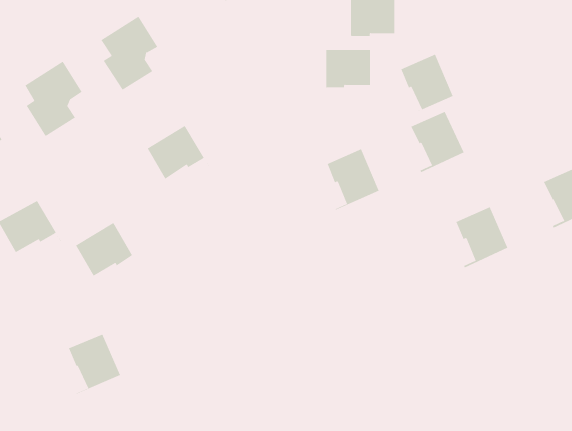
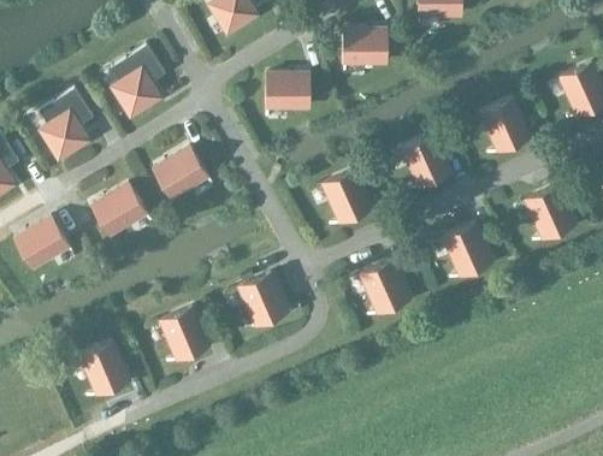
building: [326,49,371,98] -> [266,73,308,119]
building: [401,54,453,116] -> [479,99,528,156]
building: [75,222,138,276] -> [91,184,150,235]
building: none -> [359,261,408,319]
building: none -> [237,273,286,331]
building: none -> [159,308,208,365]

